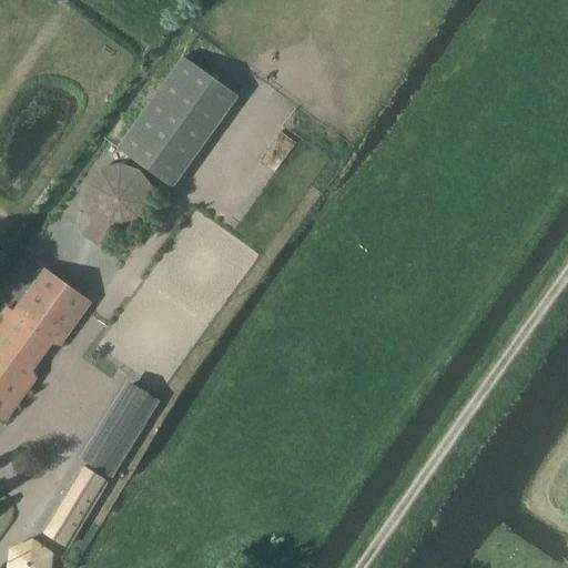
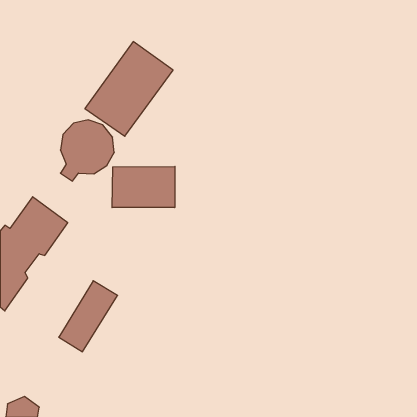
building: none -> [112,166,175,208]
building: [45,469,105,544] -> none

